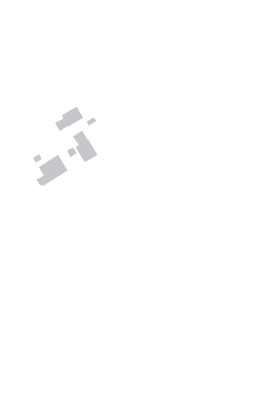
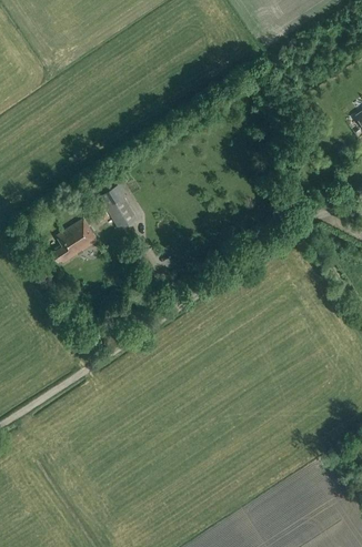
building: [54,106,84,132] -> none

